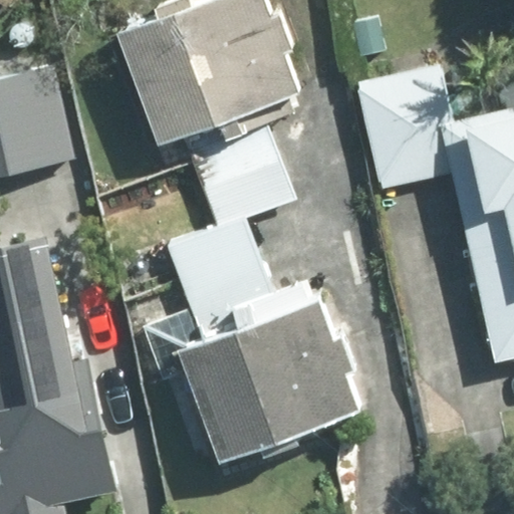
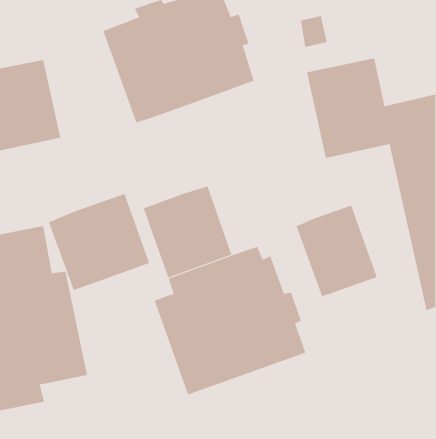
building: [184,108,291,225] -> none
building: none -> [48,193,150,291]
building: none -> [296,205,377,297]

